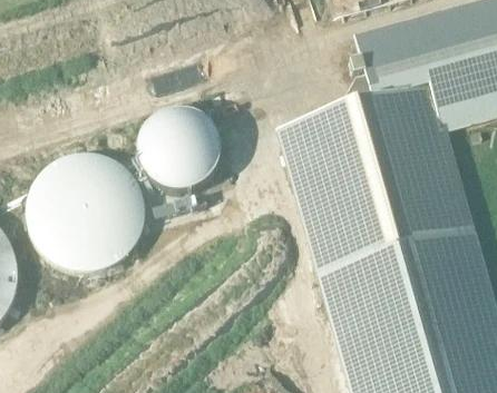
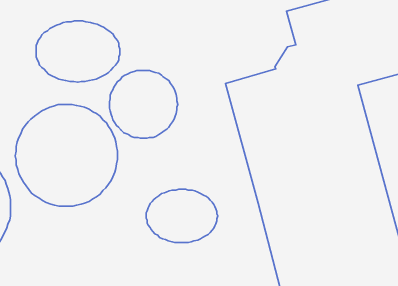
building: none -> [36,21,120,82]
building: none -> [146,189,218,242]

